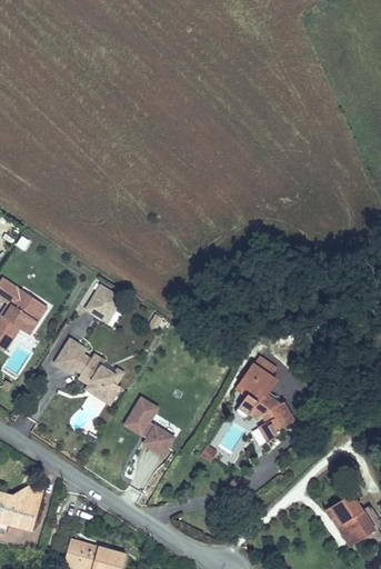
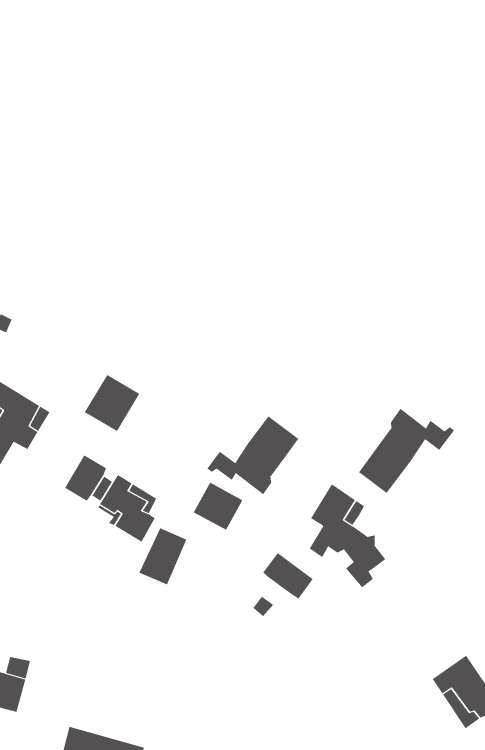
building: none -> [358,408,455,494]
building: none -> [206,416,299,495]
building: none -> [263,552,314,599]
building: [132,418,169,453] -> [193,482,243,531]

